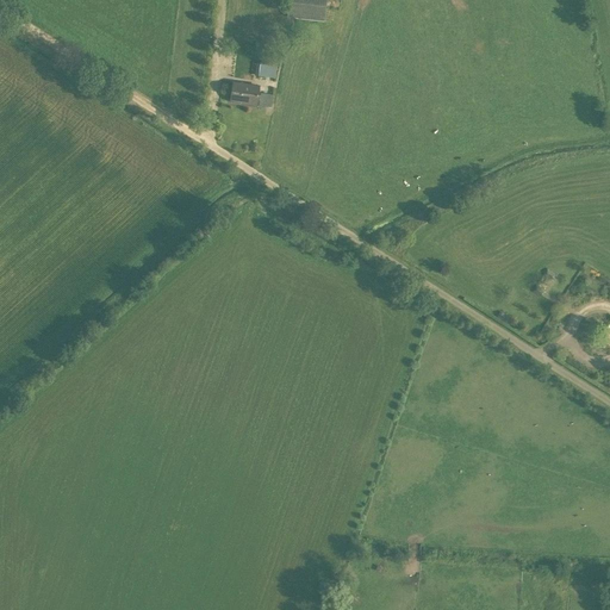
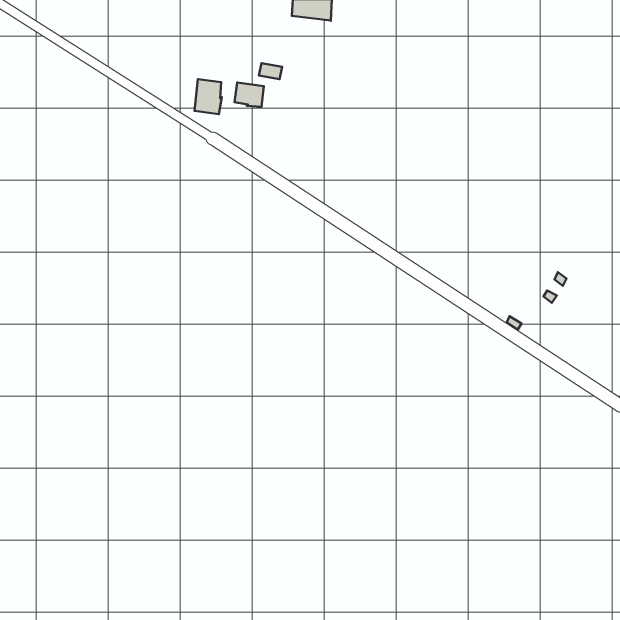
building: none -> [194,79,222,114]

